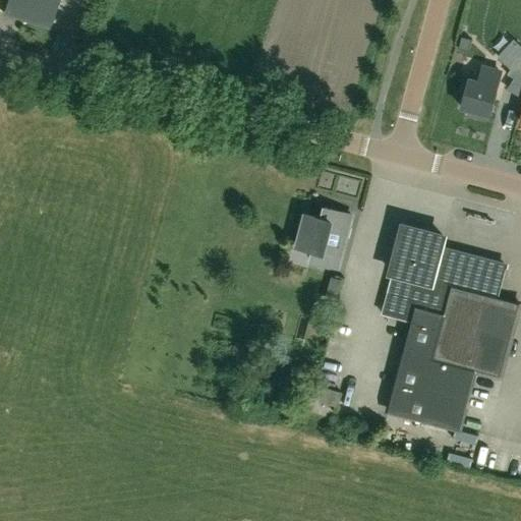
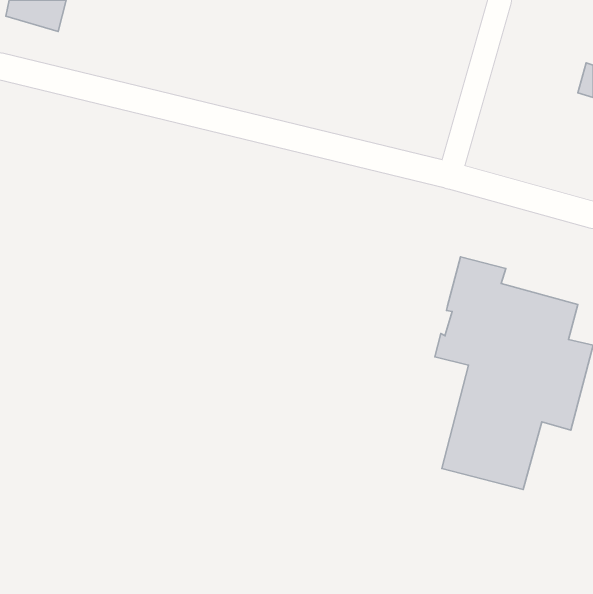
building: [461,65,501,114] -> none
building: [296,207,351,267] -> none

